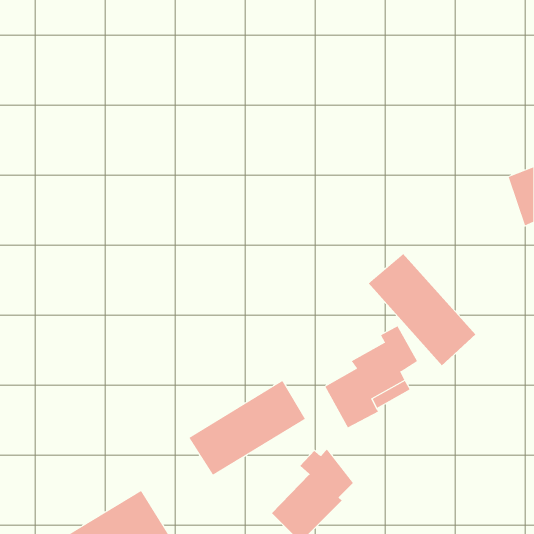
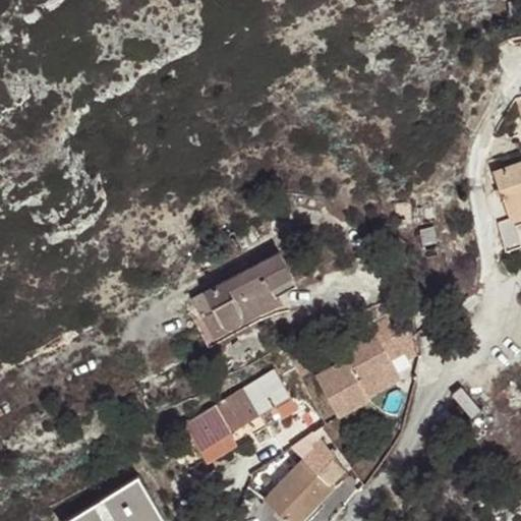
building: [368,253,476,366] -> none
building: none -> [192,253,295,339]

